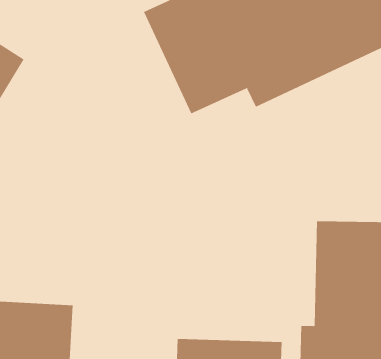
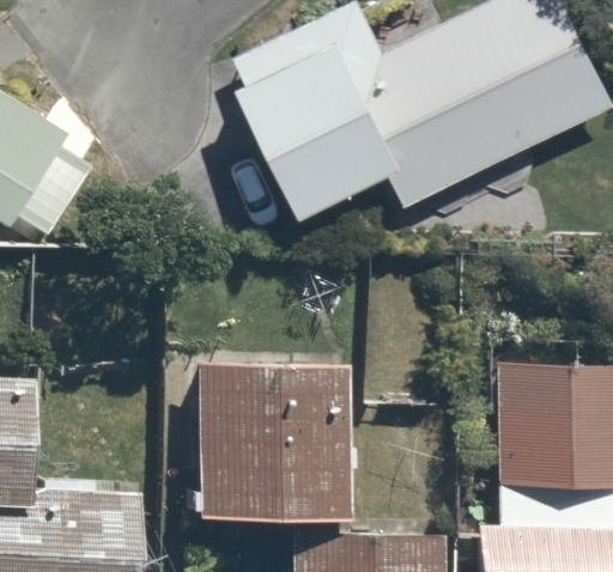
building: none -> [192,364,342,527]

